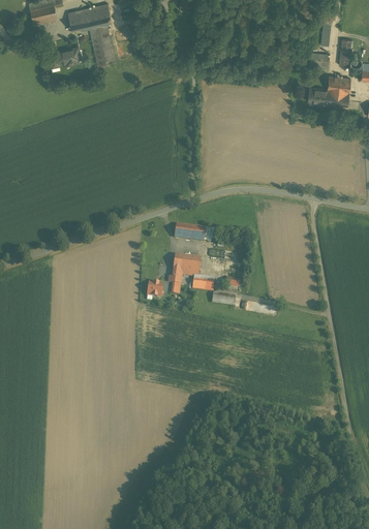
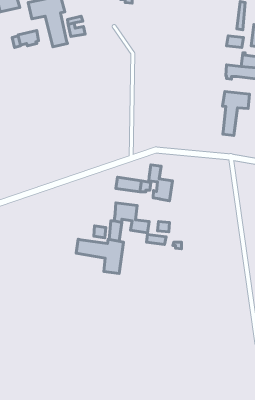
building: none -> [223,92,250,136]
building: none -> [149,165,173,201]
building: none -> [76,239,123,273]

